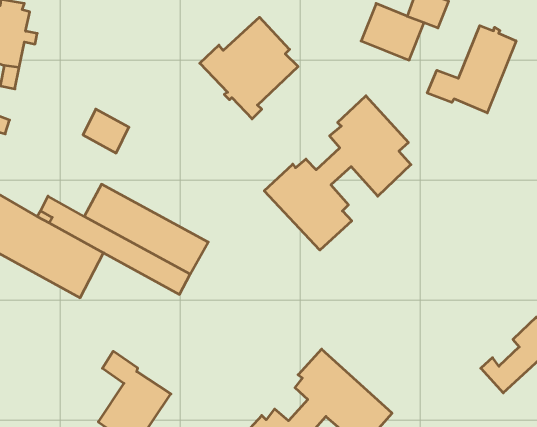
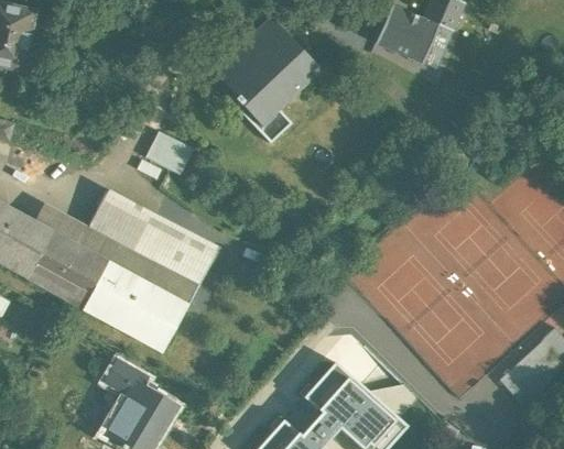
building: [427,26,516,113] -> none
building: [264,96,411,250] -> none
building: [83,109,129,153] -> [145,131,193,176]
building: none -> [86,262,188,351]

